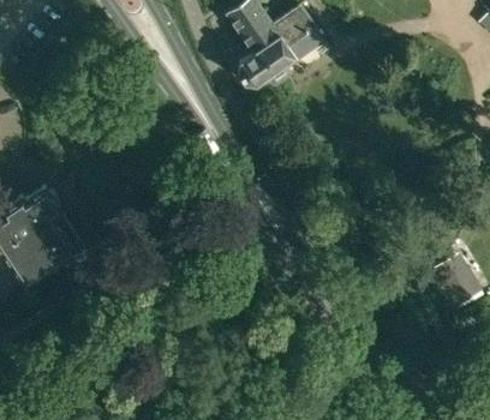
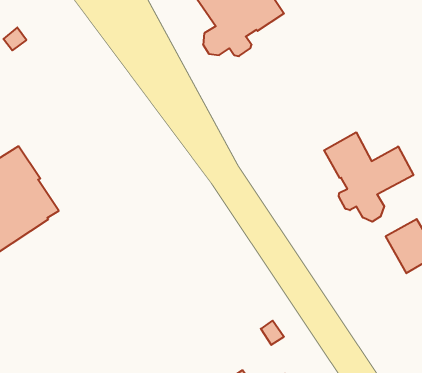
building: none -> [324,132,413,222]

